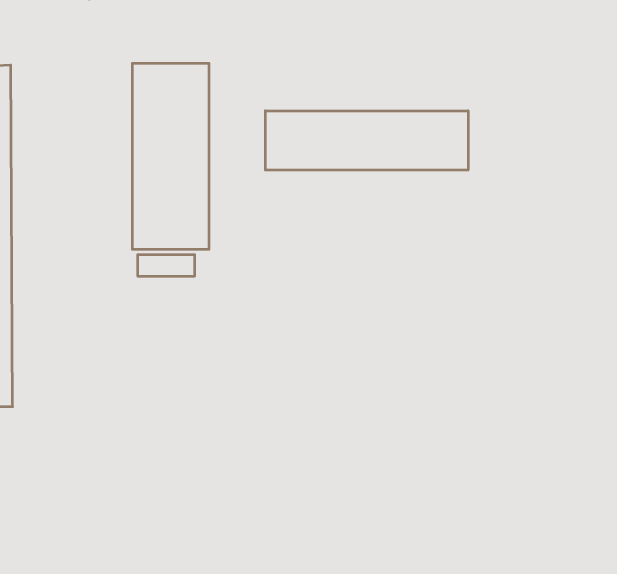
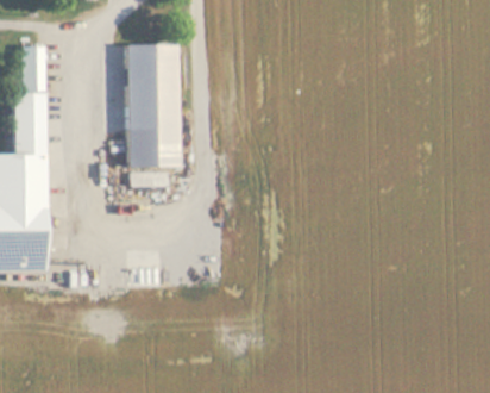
building: [265,111,468,170] -> none

